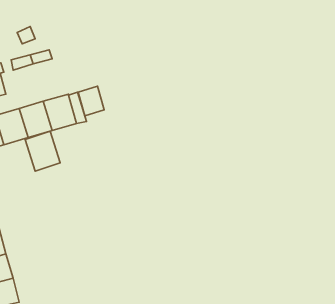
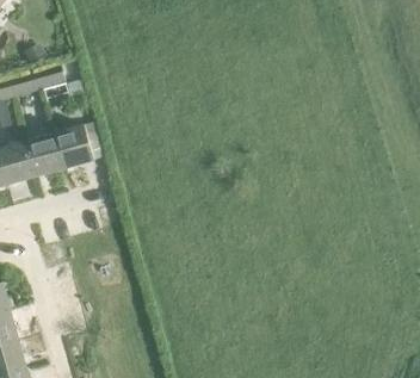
building: [78,86,104,116] -> none
building: [25,131,60,171] -> none

